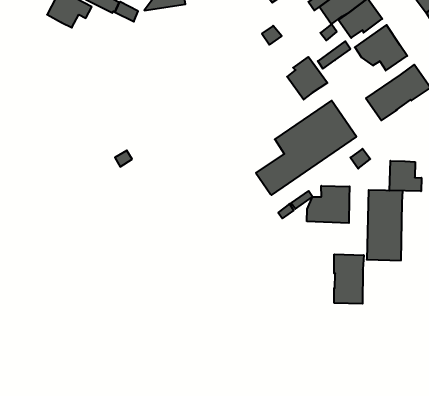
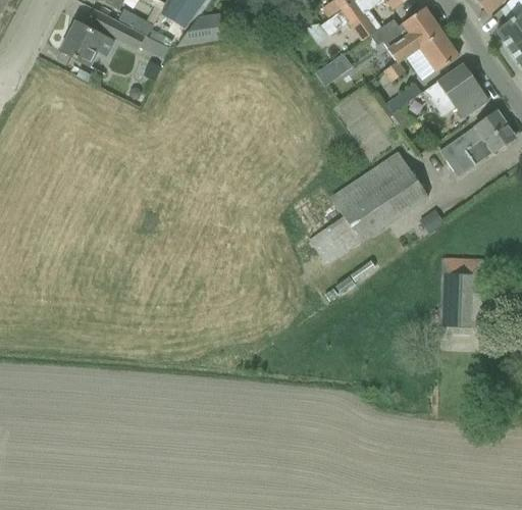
building: [287,57,327,100] -> none
building: [389,161,421,191] -> none
building: [307,186,350,223] -> none
building: [334,254,364,304] -> none

